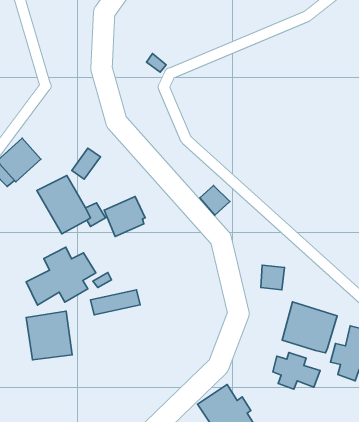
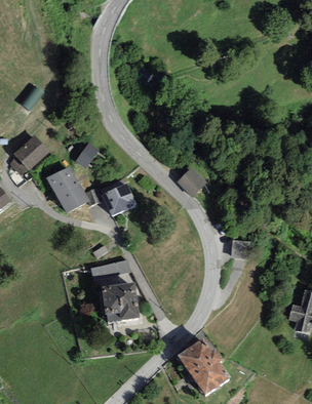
building: [26,247,96,305] -> none
building: [282,302,337,353] -> none
building: [26,311,72,360] -> [101,281,139,321]
building: [273,353,320,389] -> none

